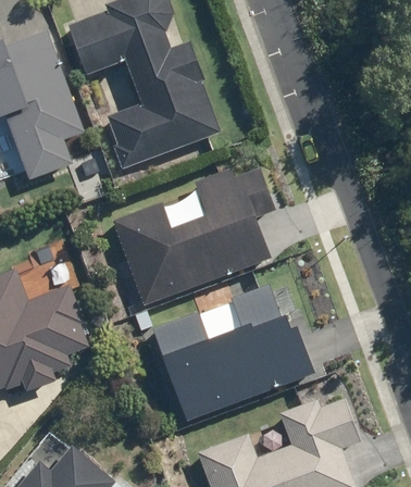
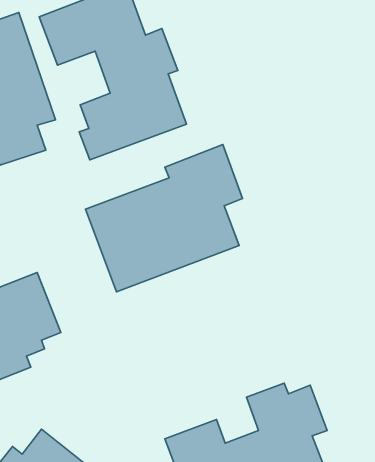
building: [150,284,314,421] -> none

